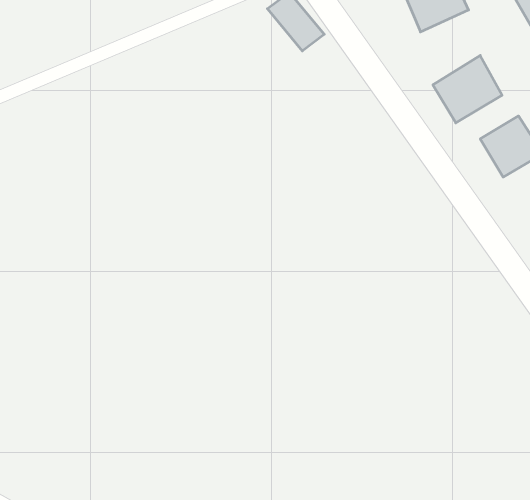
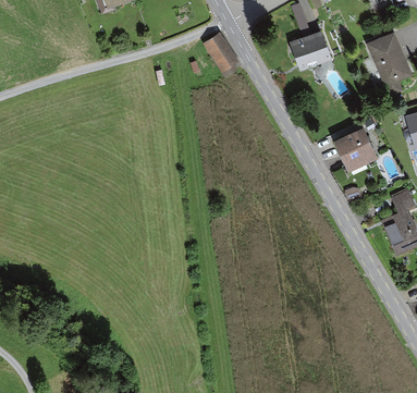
building: [433,55,502,123] -> none

